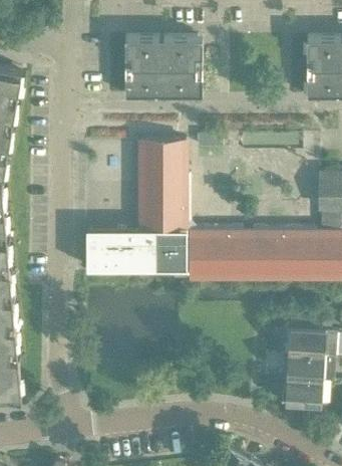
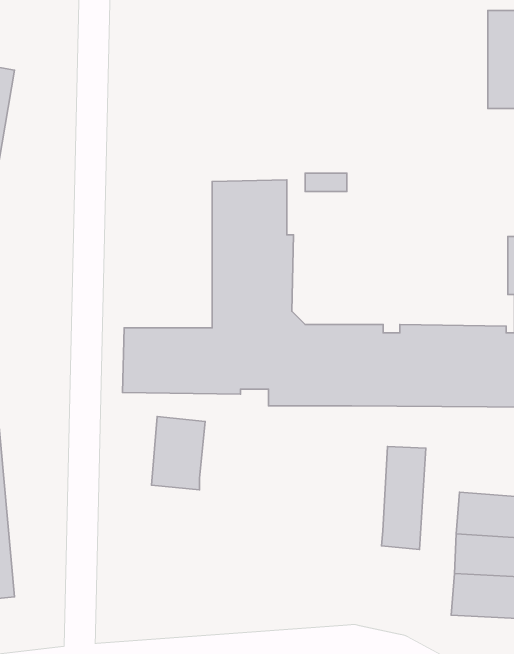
building: [123,39,202,98] -> none
building: none -> [151,417,205,490]
building: none -> [381,446,426,549]

